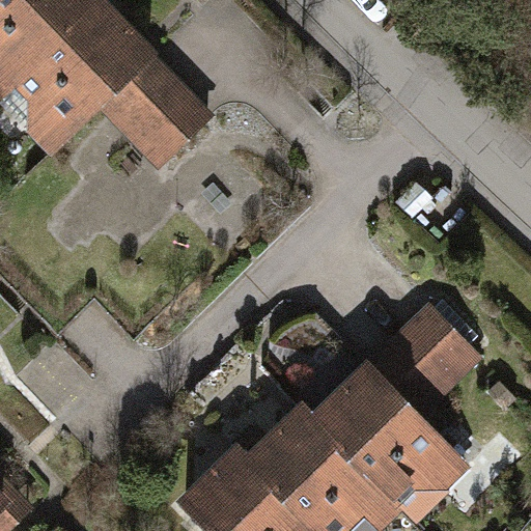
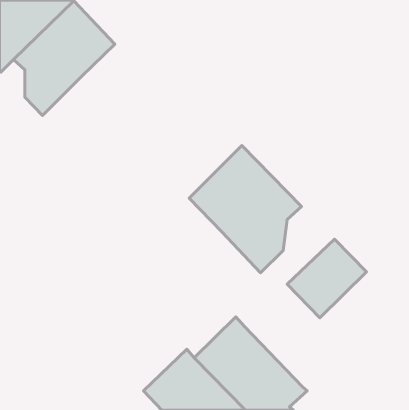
building: [106,57,207,160] -> none
building: none -> [189,145,302,273]
building: [316,367,460,500] -> none

